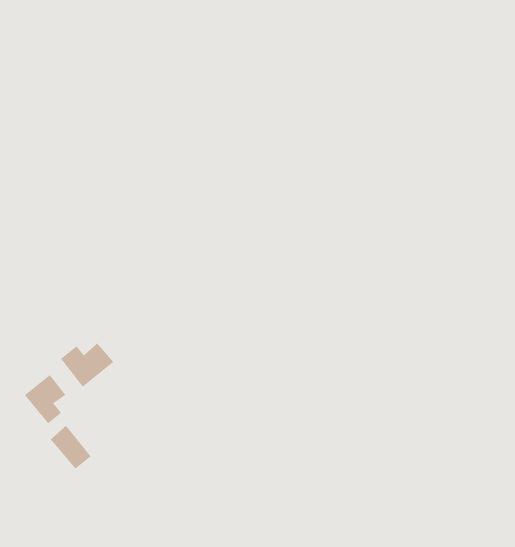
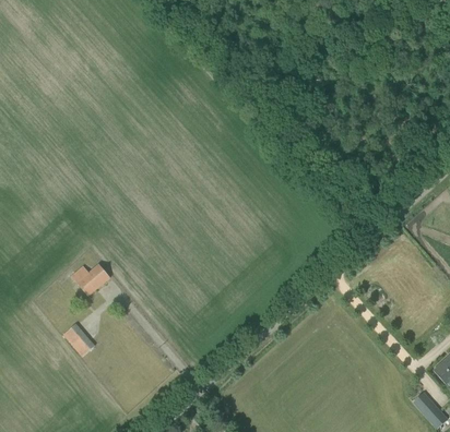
building: [24,374,66,424] -> none

